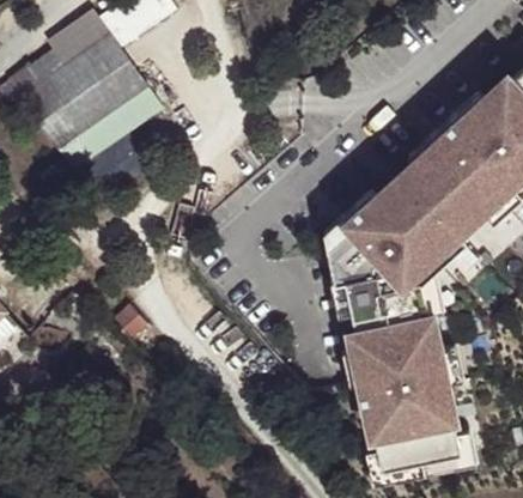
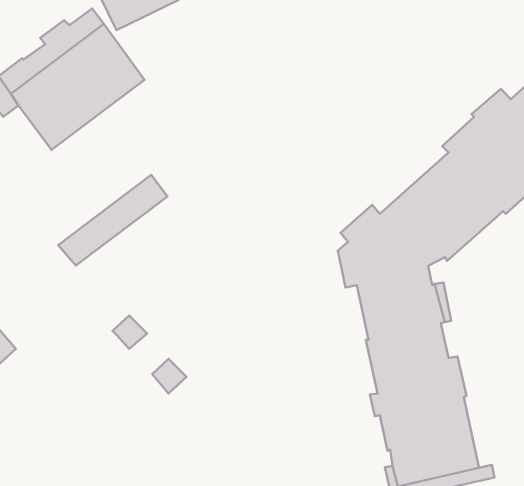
building: [56,83,159,168] -> [58,175,168,265]

